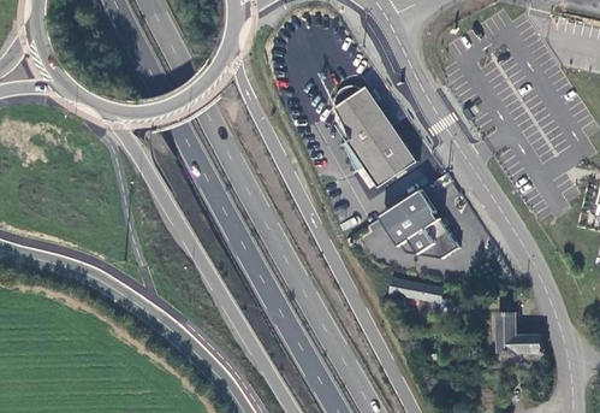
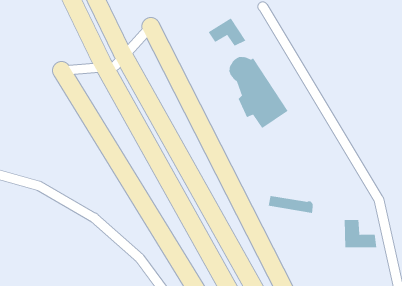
building: none -> [208,18,246,47]
building: [379,189,456,258] -> none

